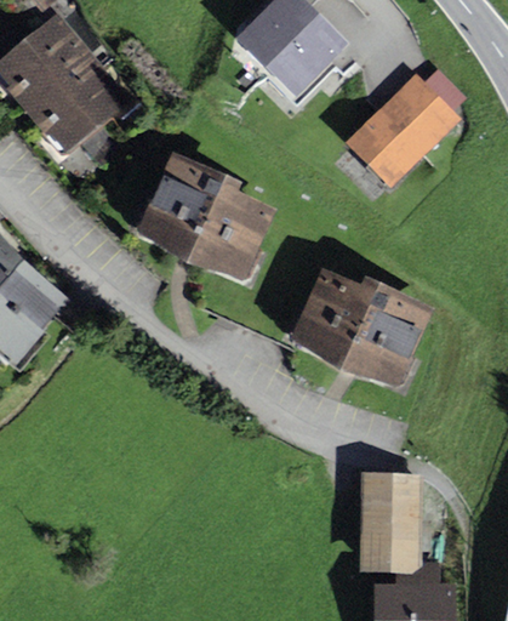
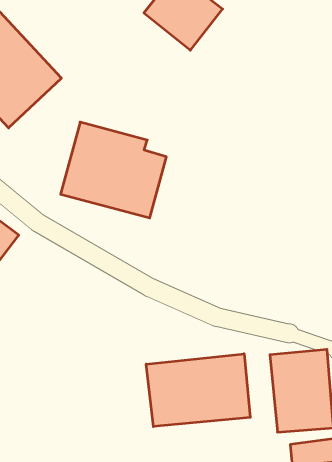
building: [354,73,457,173] -> none
building: [278,275,422,395] -> none
building: none -> [146,354,250,427]

